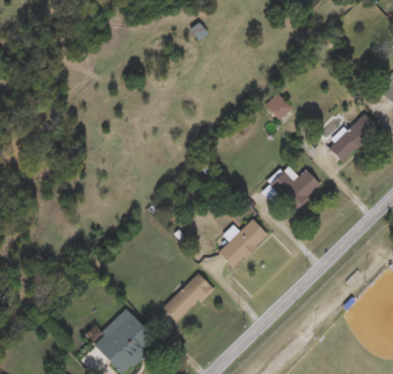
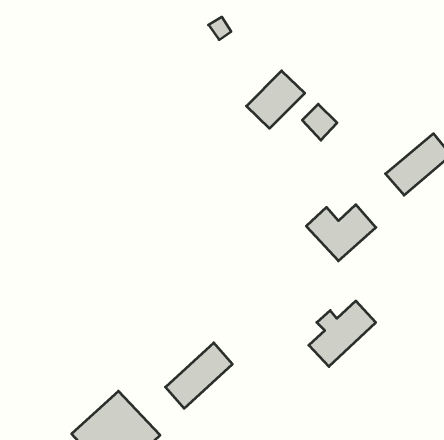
building: none -> [246,71,305,128]
building: [218,218,268,268] -> [309,301,376,367]

